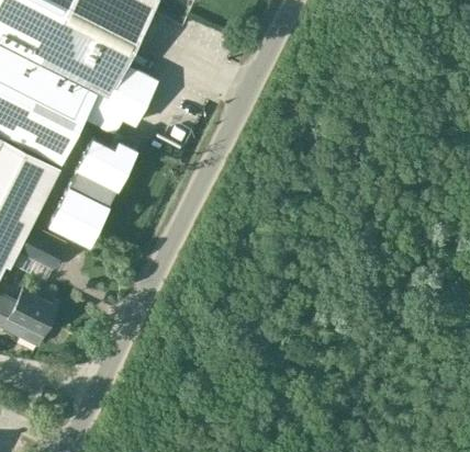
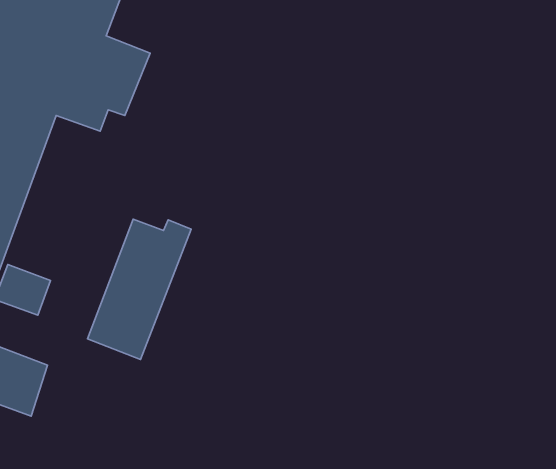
building: [48,137,135,244] -> [88,219,191,360]

